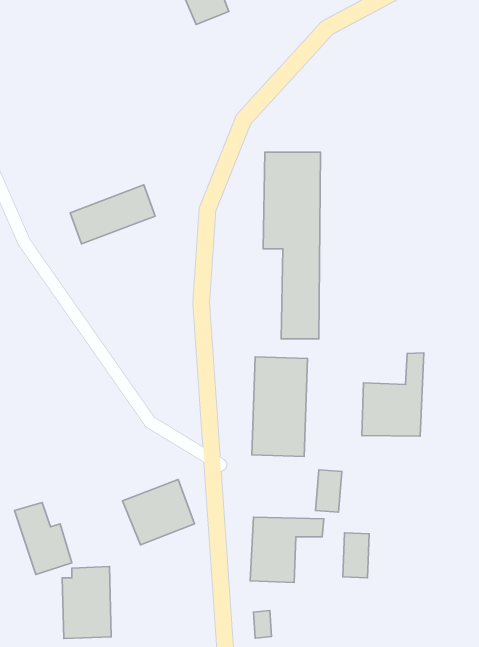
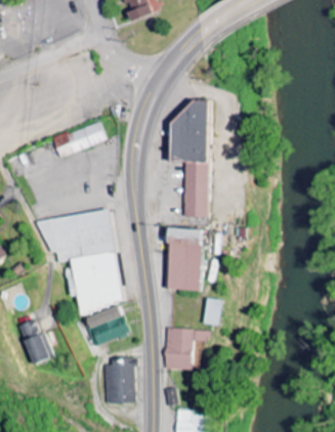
building: none -> [39,210,124,315]
building: [362,353,424,436] -> none
building: [343,533,369,578] -> none
building: [62,566,111,638] -> [106,357,136,402]

